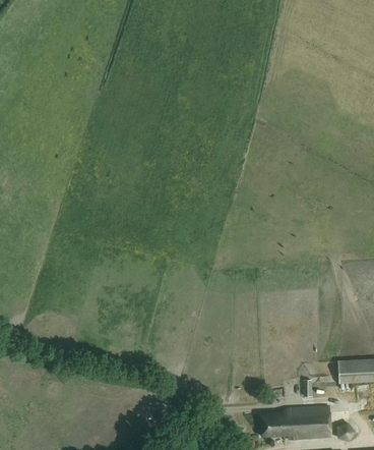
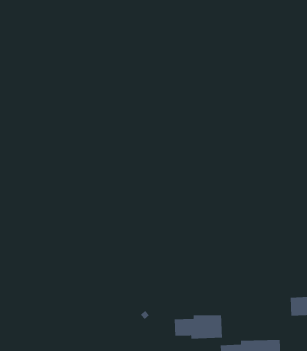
building: none -> [174,314,223,340]

